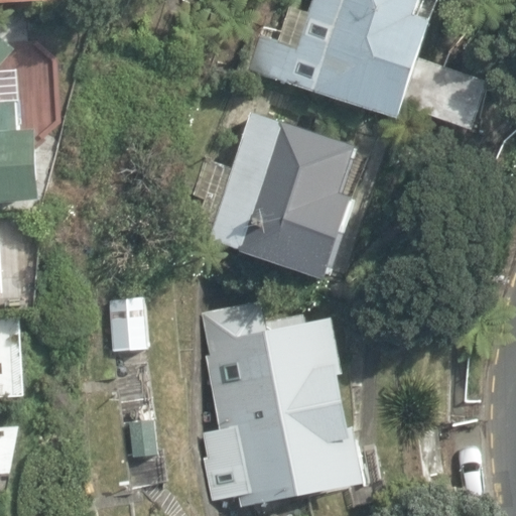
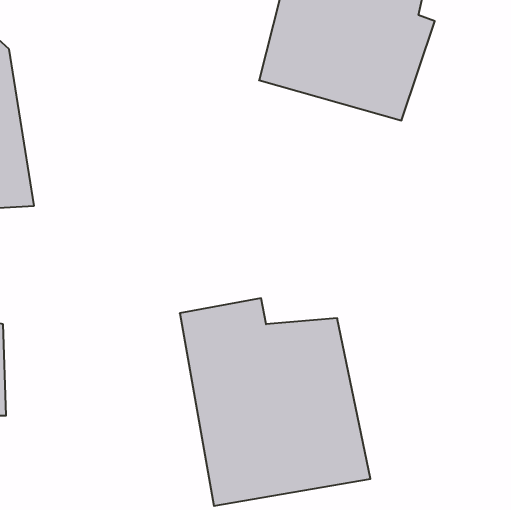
building: [179,110,361,278] -> none

